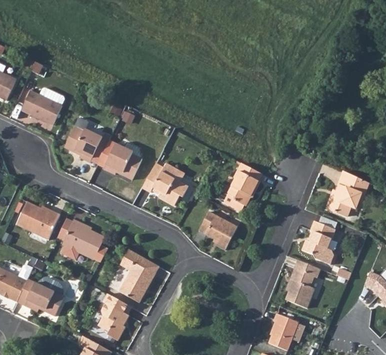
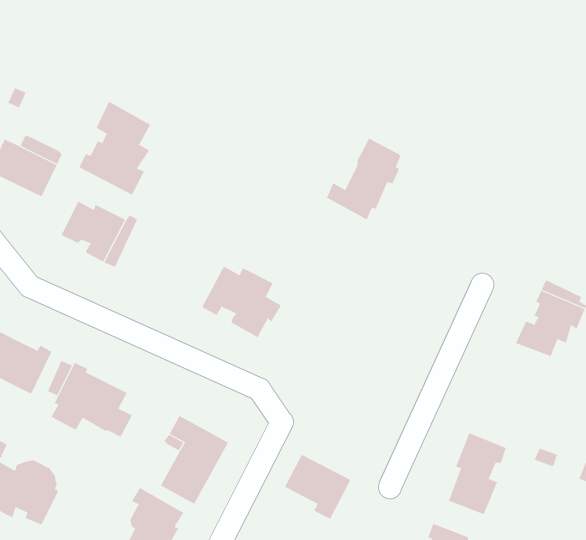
building: none -> [79,101,151,195]
building: [98,141,137,178] -> none
building: [218,163,262,211] -> [326,138,402,220]
building: [199,211,238,249] -> [284,454,351,519]
building: [302,220,335,264] -> none

